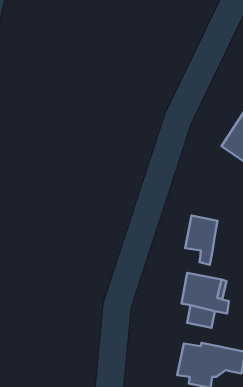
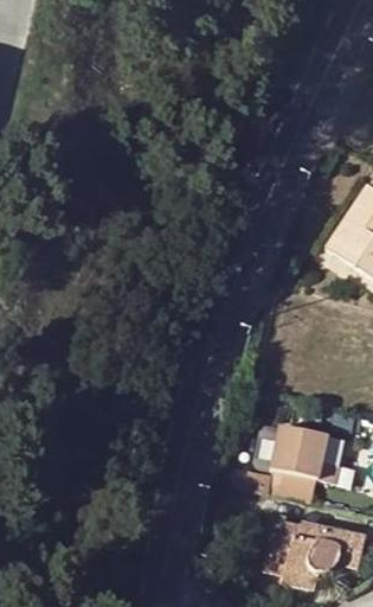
building: [185,216,218,265] -> none

